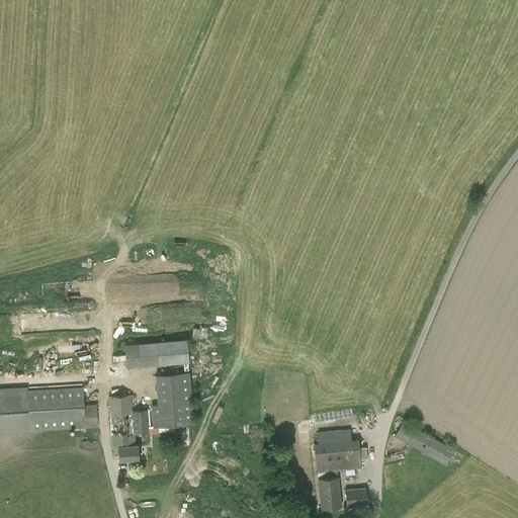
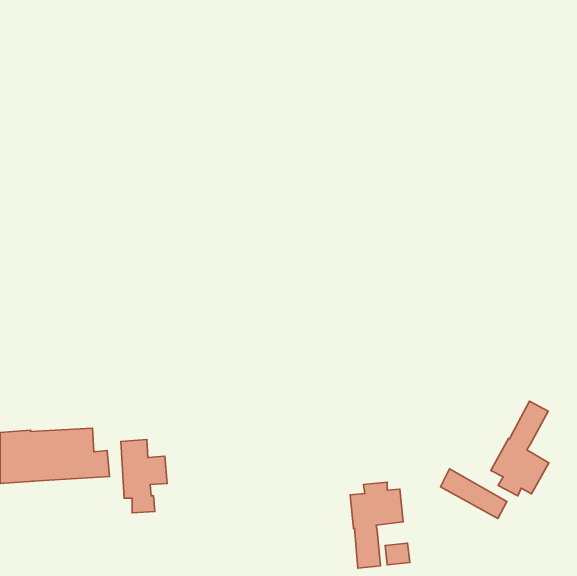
building: [124,340,189,368] -> none
building: none -> [491,401,549,496]
building: [151,372,194,428] -> none

